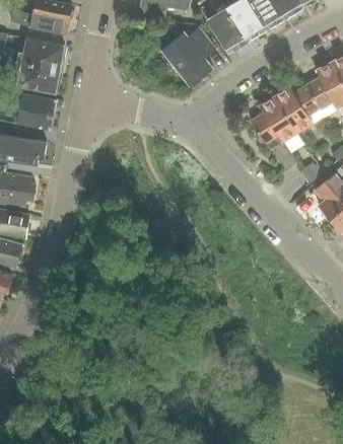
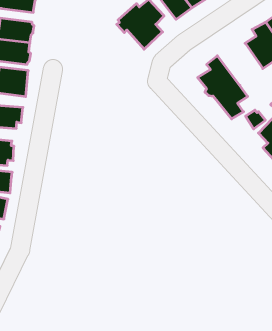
building: [272,85,323,133] -> none

